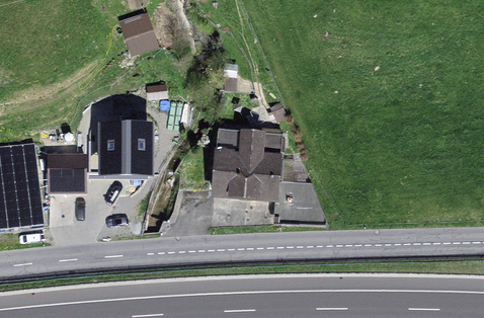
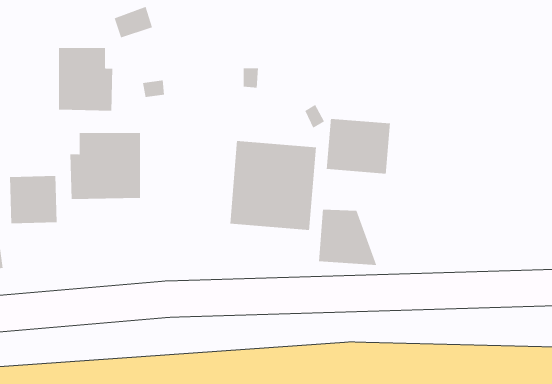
building: none -> [59,47,113,112]
building: none -> [326,118,390,174]

